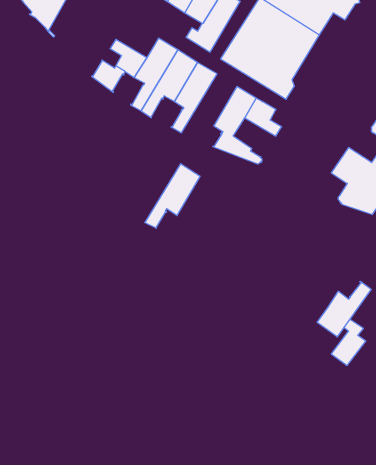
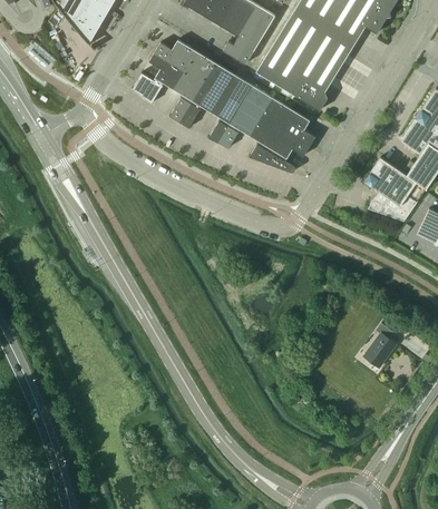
building: none -> [155,39,196,69]
building: none -> [269,127,310,157]
building: [145,164,200,228] -> [218,85,272,147]
building: [317,281,371,337] -> none

